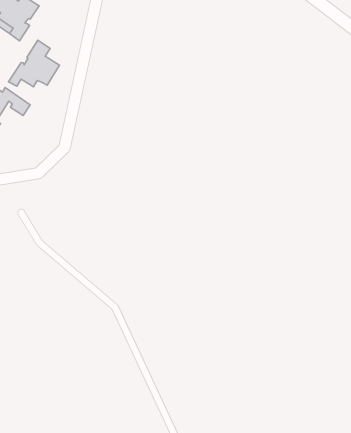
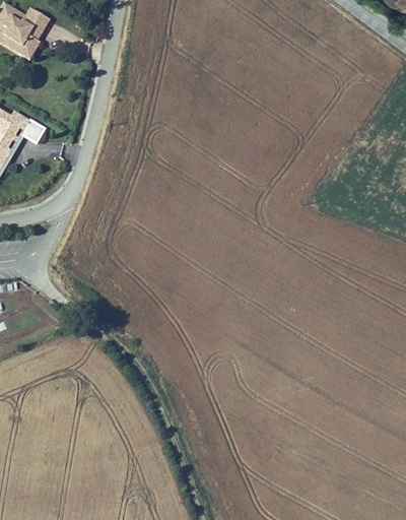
building: [9,40,60,87] -> none

